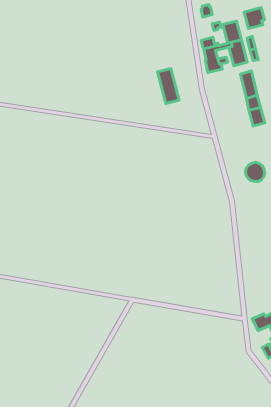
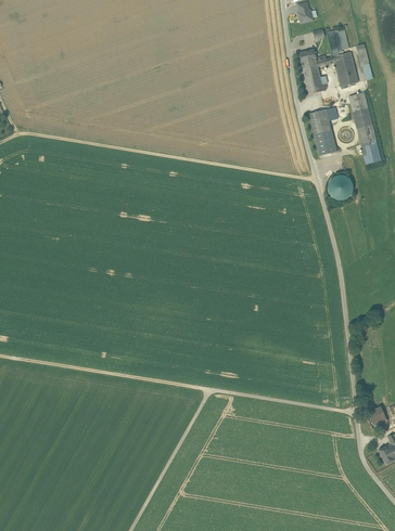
building: [244,7,265,28] -> none
building: [157,68,179,104] -> [308,109,336,155]
building: [245,162,265,181] -> [328,174,353,199]

